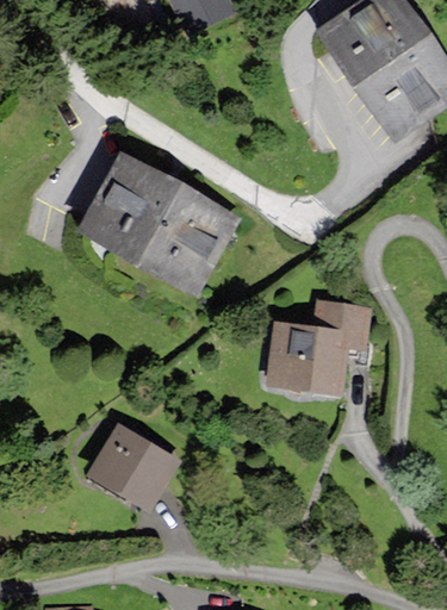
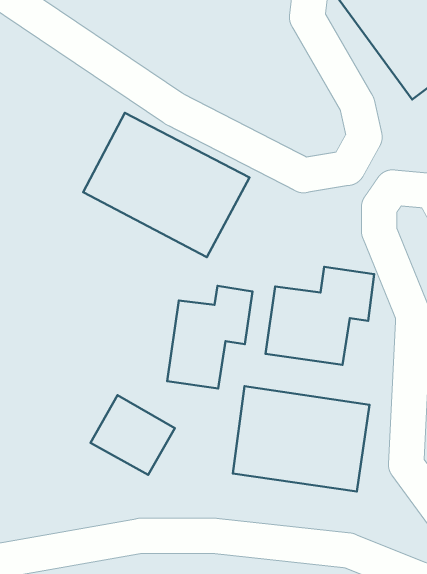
building: none -> [167,286,252,389]
building: none -> [233,386,370,491]

